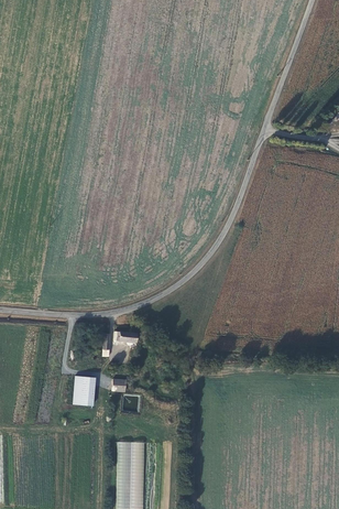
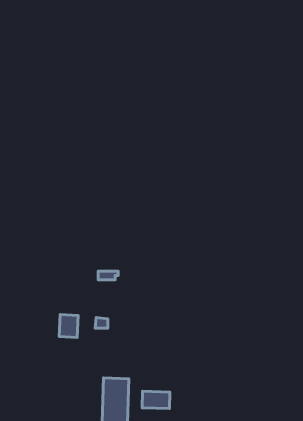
building: none -> [142,391,170,409]

